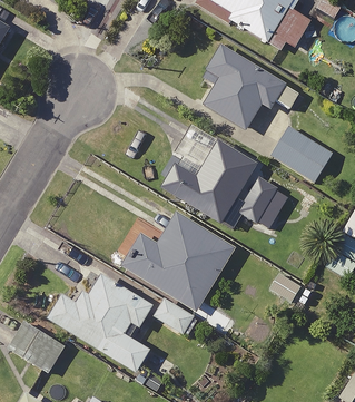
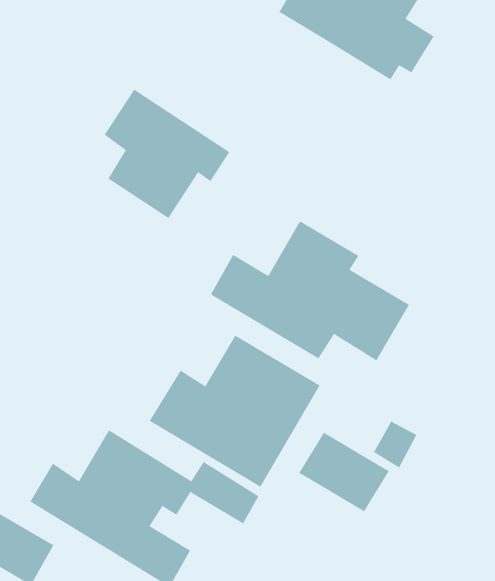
building: [208,48,288,130] -> [104,89,230,219]
building: [263,122,324,178] -> none
building: none -> [299,432,389,512]

